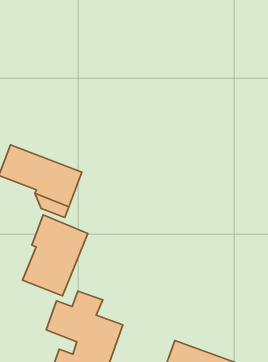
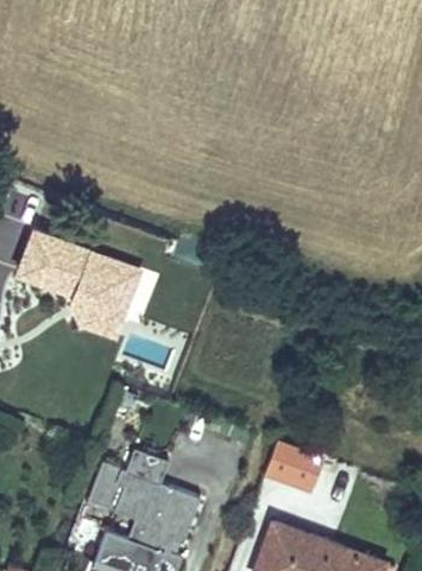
building: [23,215,88,296] -> none
building: none -> [260,437,322,493]

